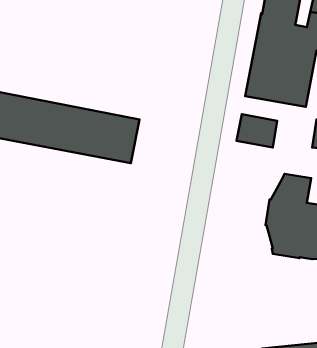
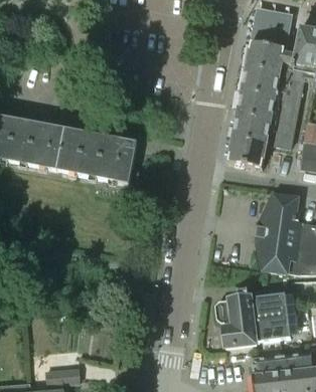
building: none -> [232,120,293,147]
building: none -> [214,288,298,347]

